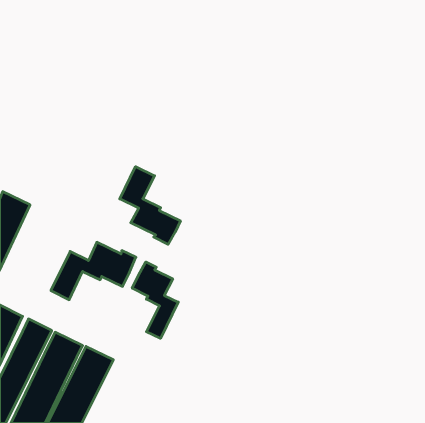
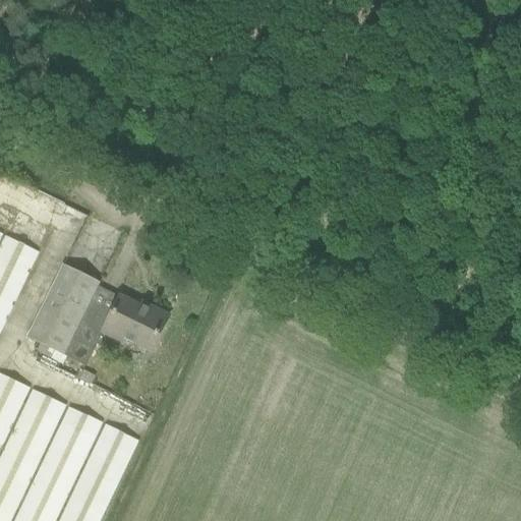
building: [120,167,180,244] -> none
building: none -> [25,264,98,355]
building: [132,262,178,338] -> none

